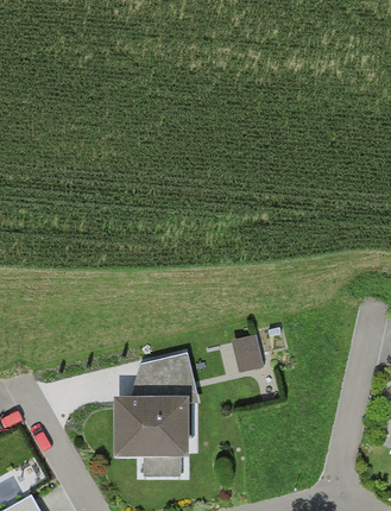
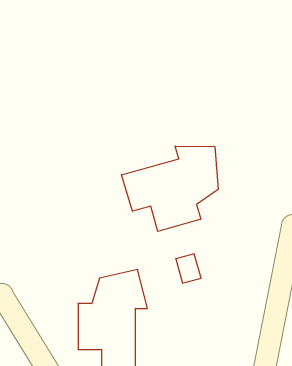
building: none -> [121,146,218,231]

